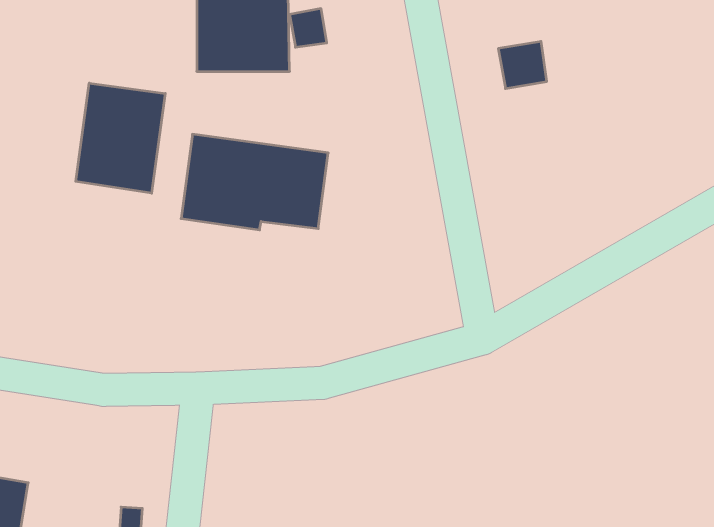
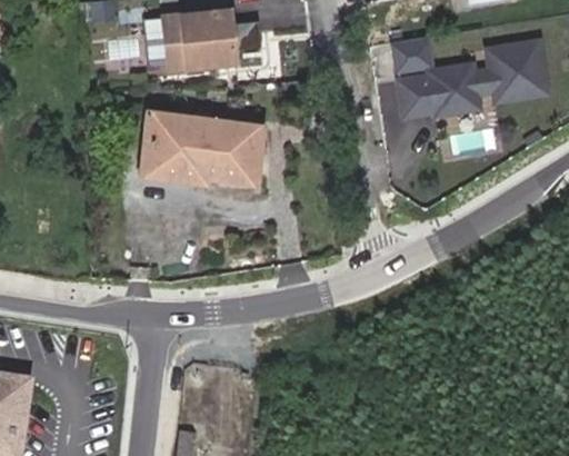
building: none -> [397,46,548,118]
building: [76,83,165,193] -> none

